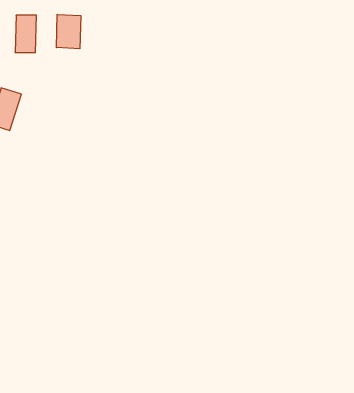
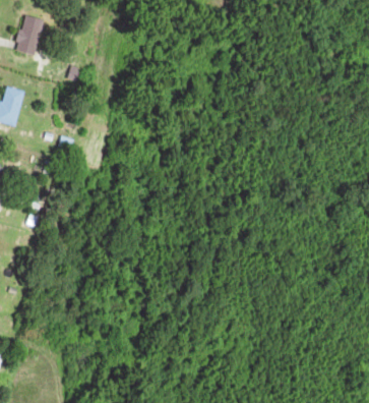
building: [56,14,81,49] -> none

